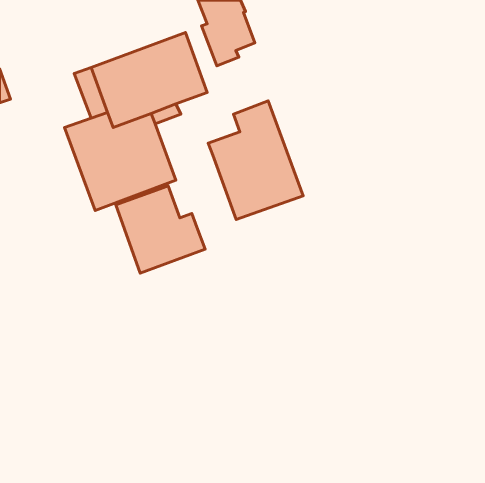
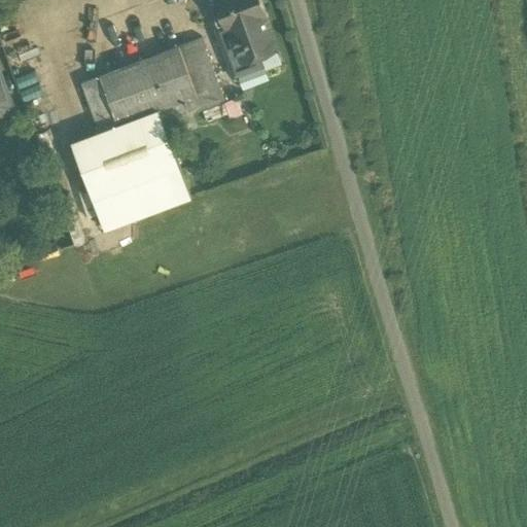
building: [208,101,303,220] -> none
building: [116,186,205,273] -> none

